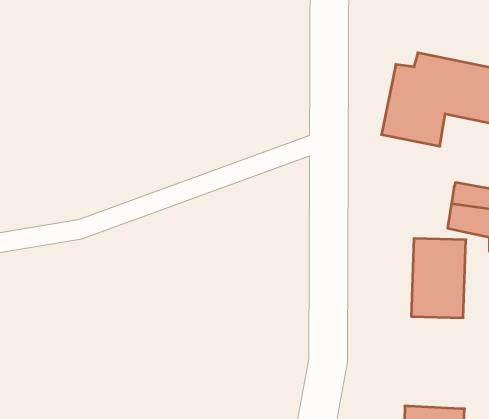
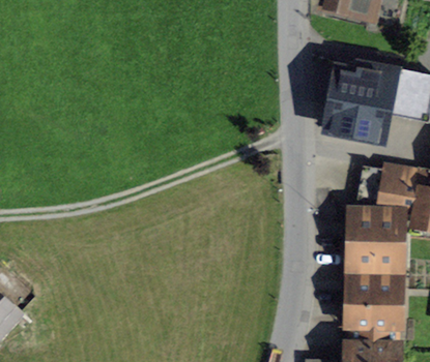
building: none -> [352,274,396,348]

